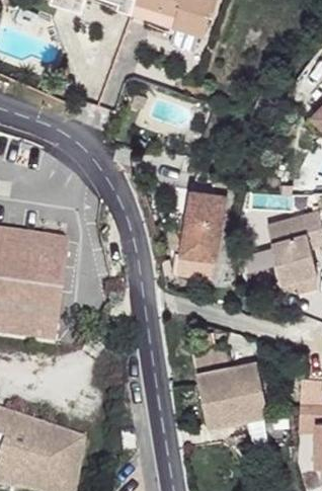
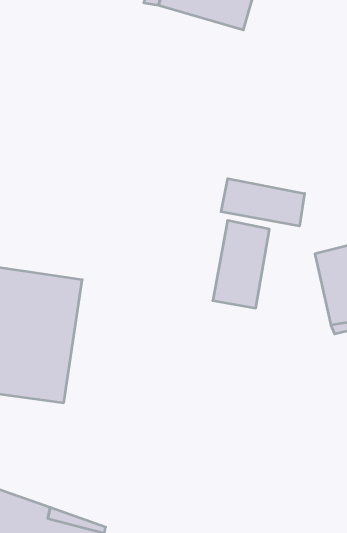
building: none -> [221,179,305,226]
building: [190,339,269,428] -> none

